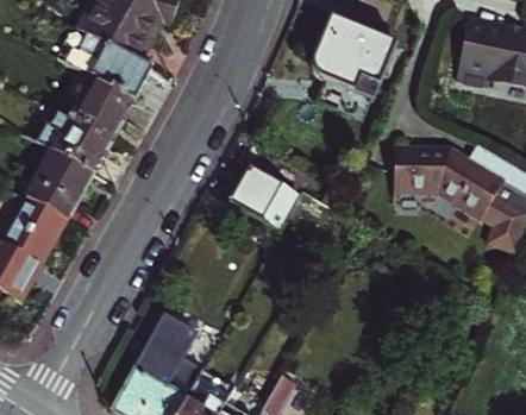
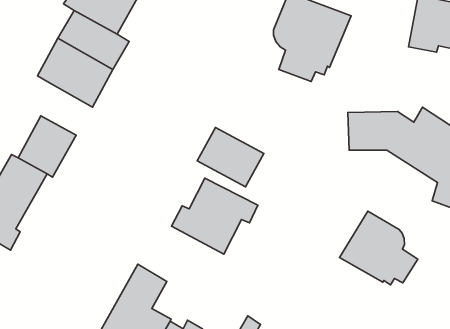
building: [39,115,111,175] -> none
building: none -> [172,178,258,254]
building: none -> [340,211,418,285]

